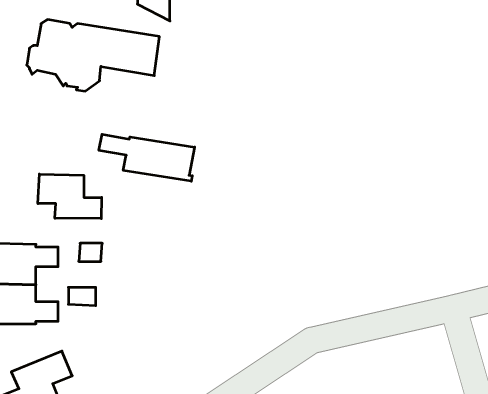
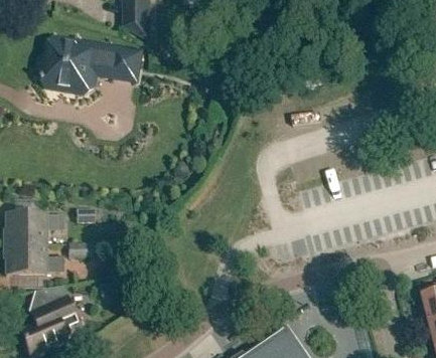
building: [99,134,195,181] -> none
building: [38,174,102,219] -> none

